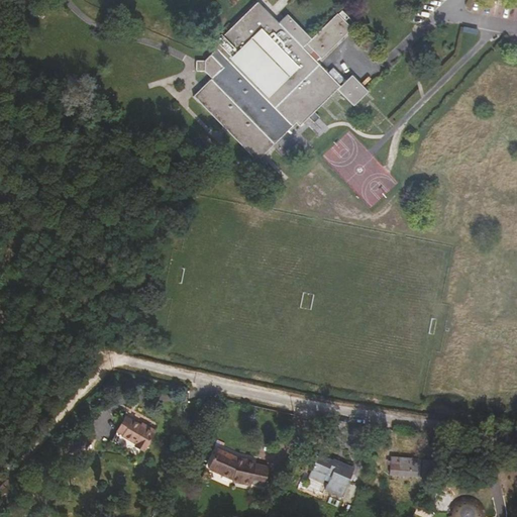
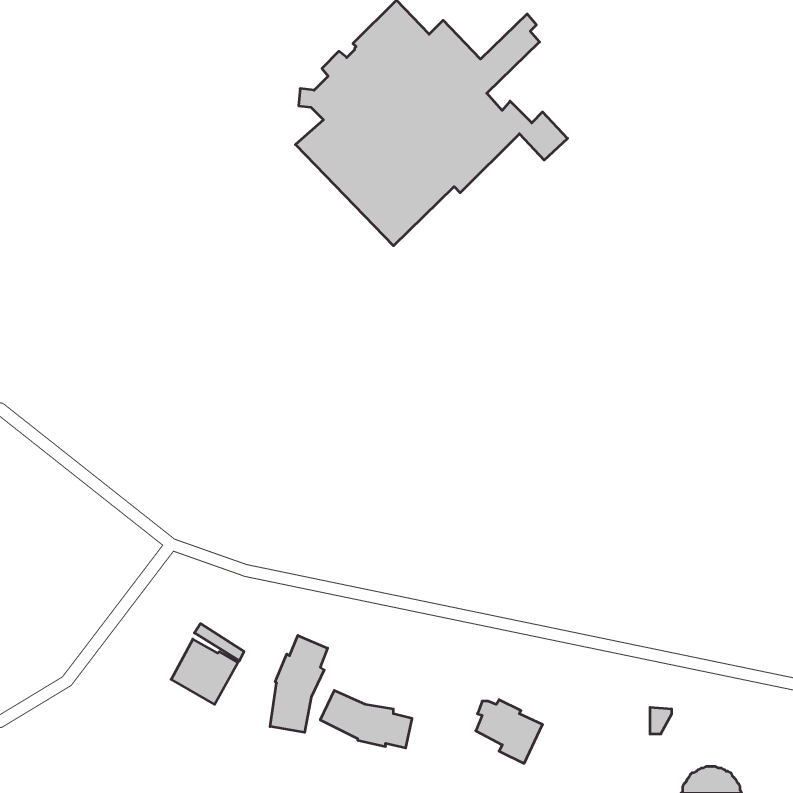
building: none -> [270,635,328,732]
building: [390,457,421,476] -> none

